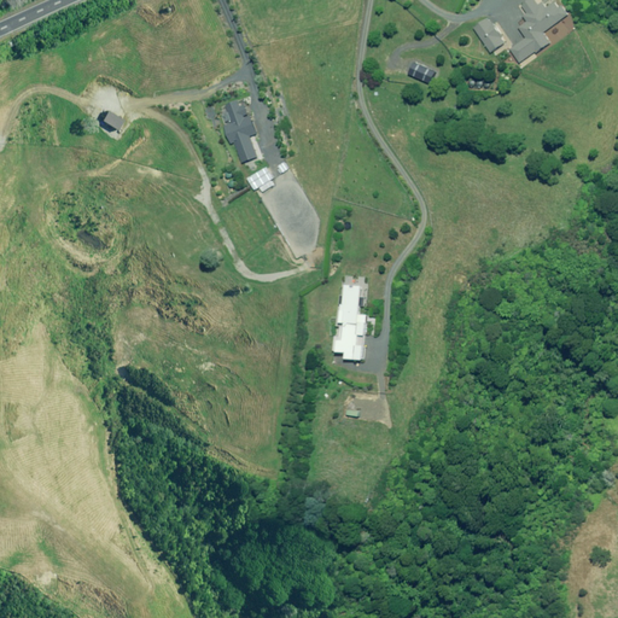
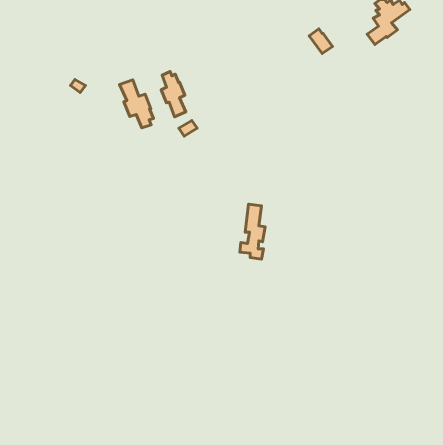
building: [472,17,505,51] -> [309,29,333,53]
building: none -> [120,80,153,128]

